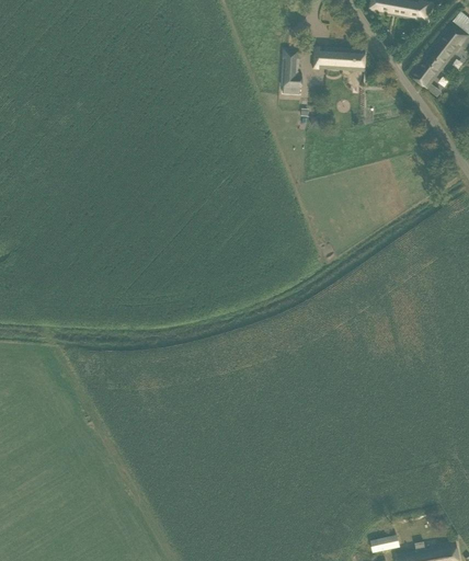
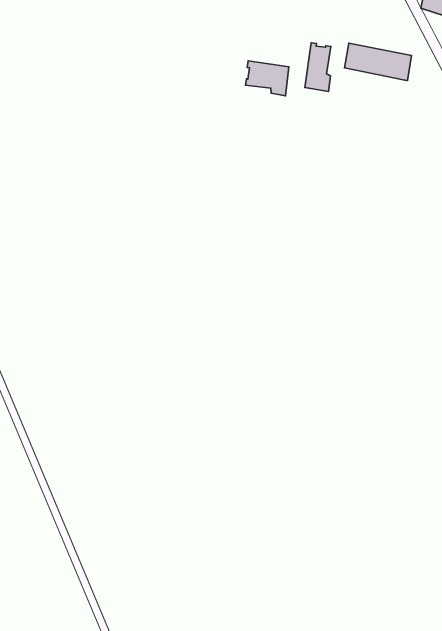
building: none -> [246,61,289,96]

